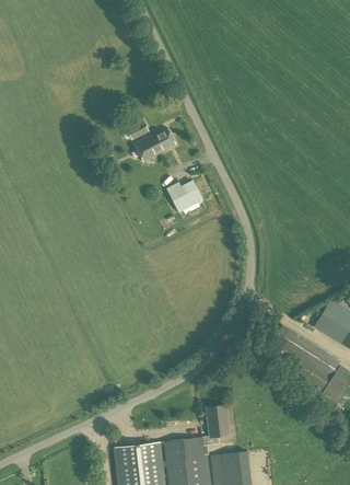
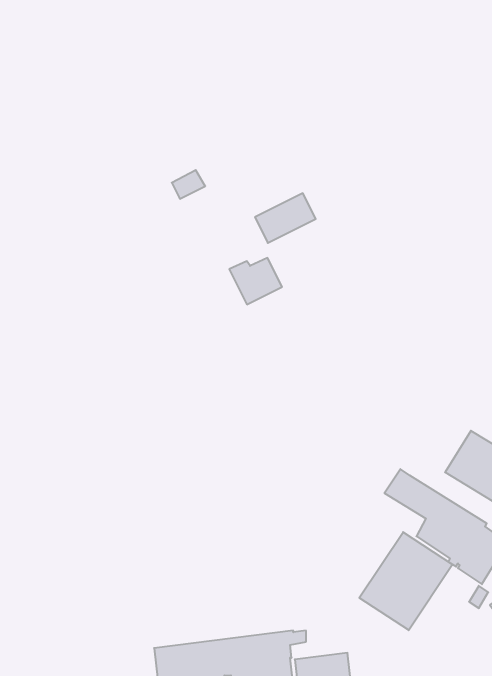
building: [132,128,174,162] -> [255,193,316,243]
building: none -> [359,532,453,630]
building: [206,405,229,437] -> none

